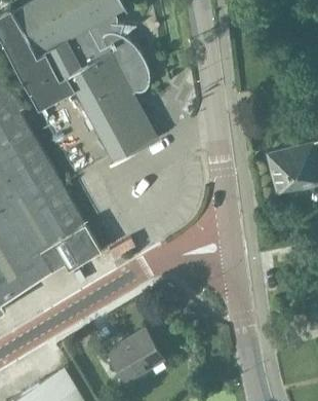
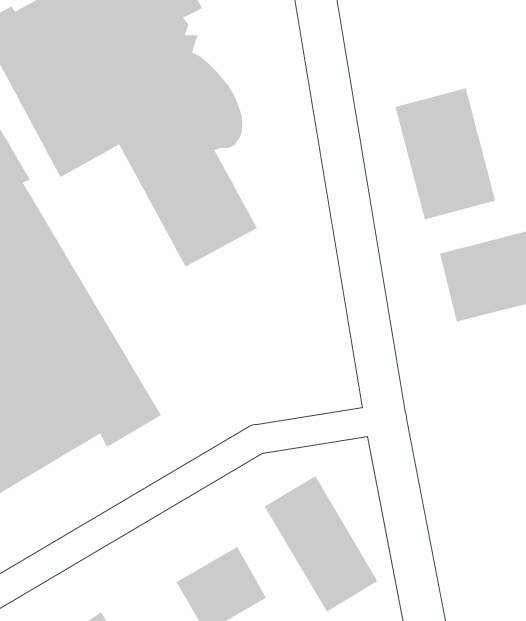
building: none -> [395,87,496,220]
building: none -> [264,475,378,613]

